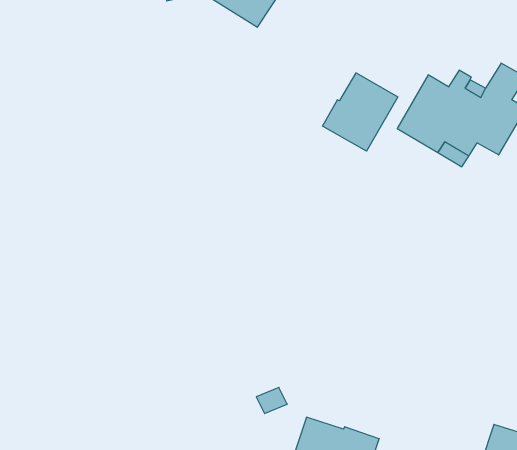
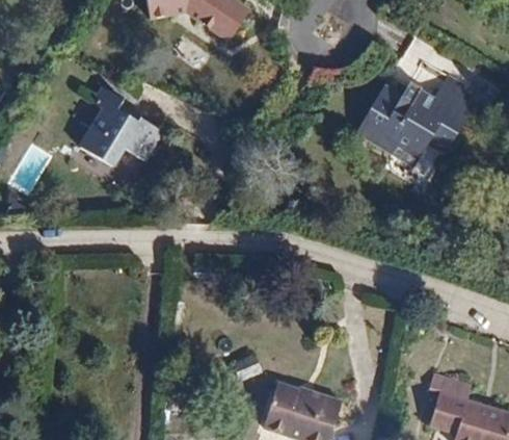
building: [323,73,398,151] -> none
building: none -> [79,86,162,165]

